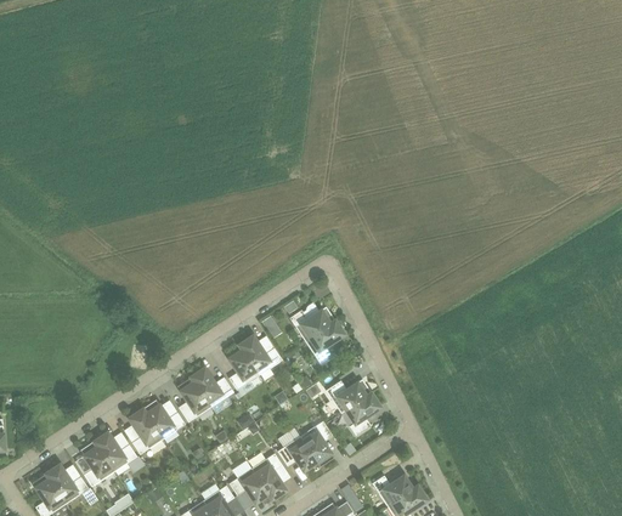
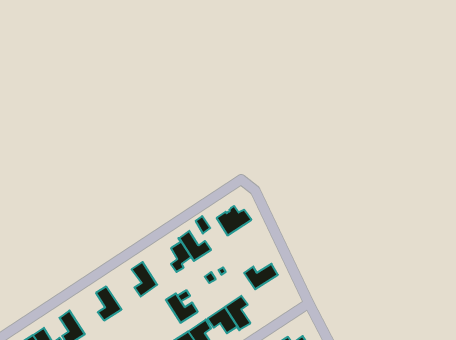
building: [304,319,344,362] -> none
building: [191,367,233,406] -> [166,293,198,323]
building: [340,392,380,435] -> none
building: [142,398,185,438] -> none
building: [94,431,137,471] -> none

